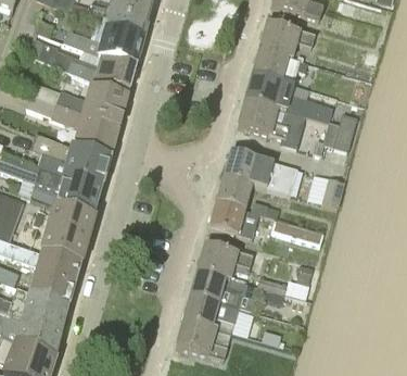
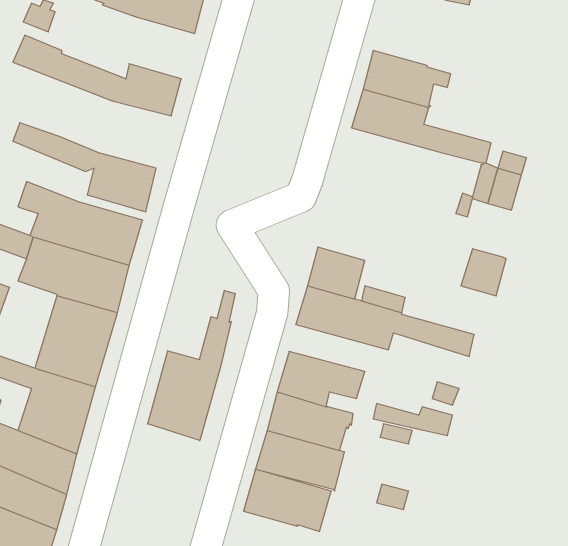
building: [258,22,315,59] -> none
building: [63,27,143,67] -> none
building: [30,83,126,125] -> none
building: [237,99,303,149] -> none
building: [222,151,298,195] -> none
building: none -> [148,290,235,441]

